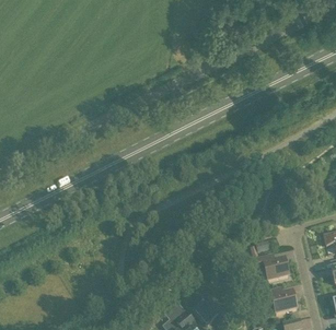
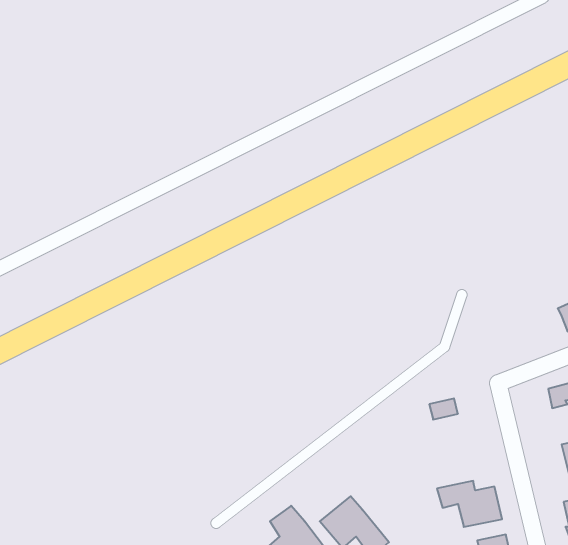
building: [254,256,288,281] -> none

